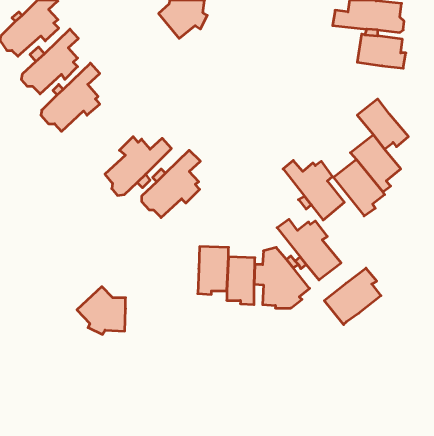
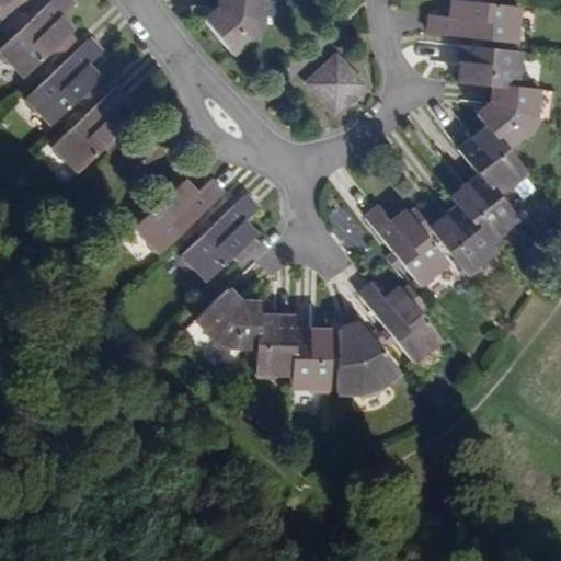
building: none -> [308,55,364,110]
building: none -> [478,84,538,147]
building: [324,268,381,325] -> none
building: [77,287,126,334] -> [196,288,259,350]

